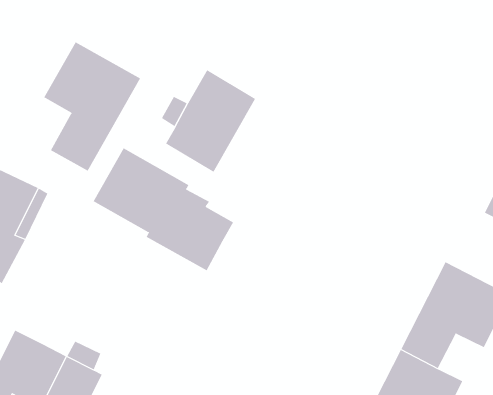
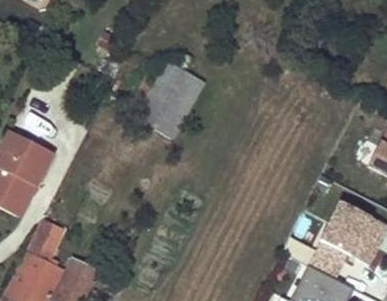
building: [44,41,141,172] -> none
building: [93,148,234,271] -> none
building: none -> [28,209,65,261]

